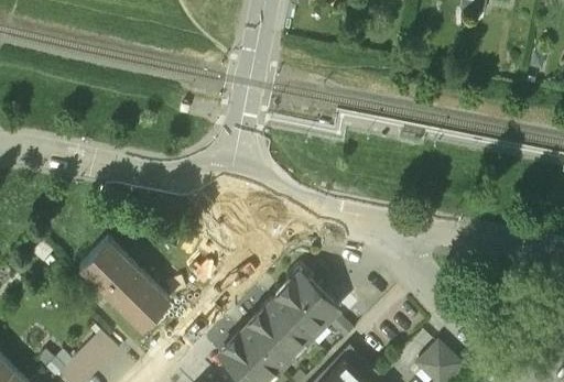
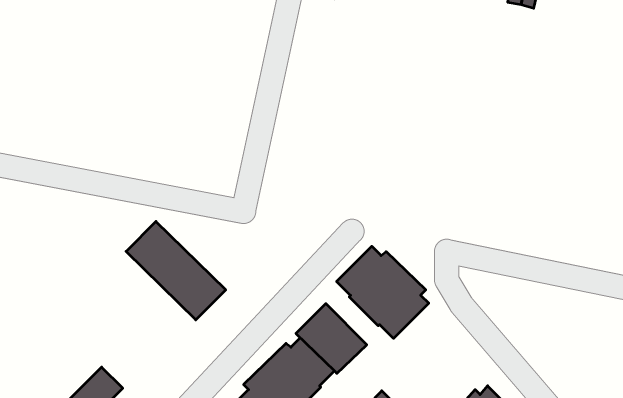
building: none -> [337,246,429,338]
building: [80,240,169,327] -> [126,221,226,320]

